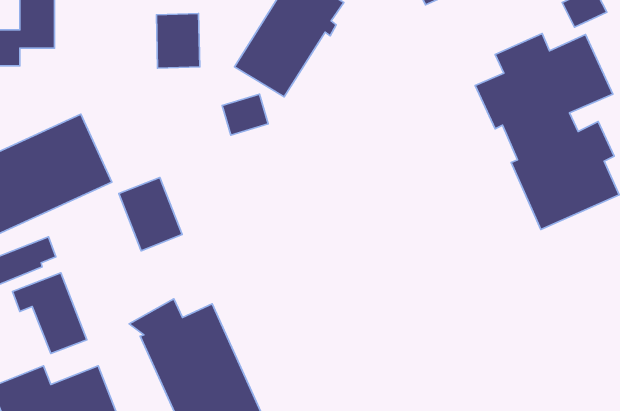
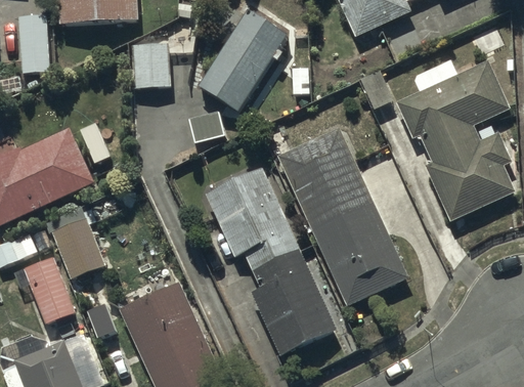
building: none -> [276,127,407,304]
building: none -> [205,169,337,356]
building: [119,177,182,251] -> [53,218,105,278]

